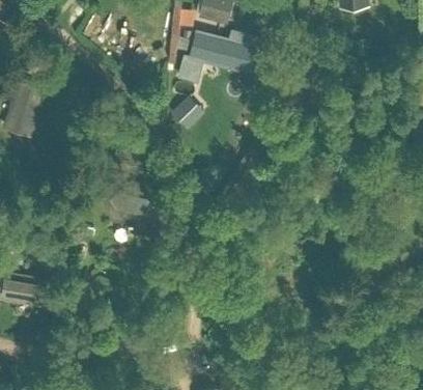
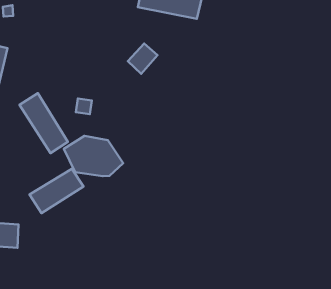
building: none -> [19,93,68,153]
building: none -> [30,169,83,213]

